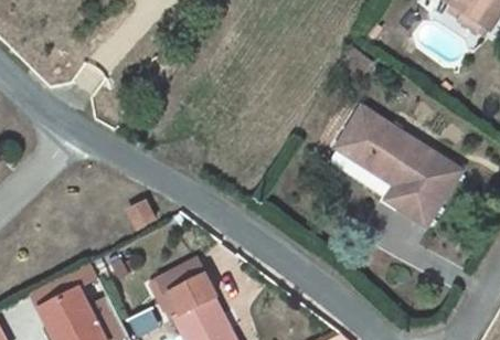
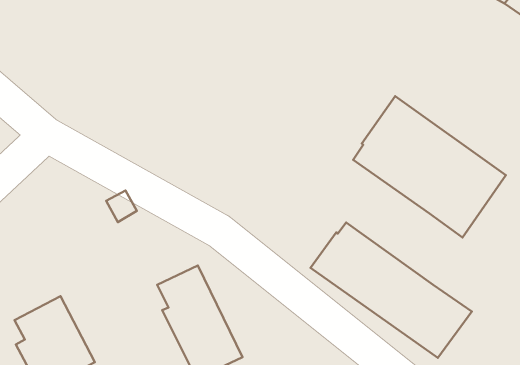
building: none -> [311,223,472,358]

